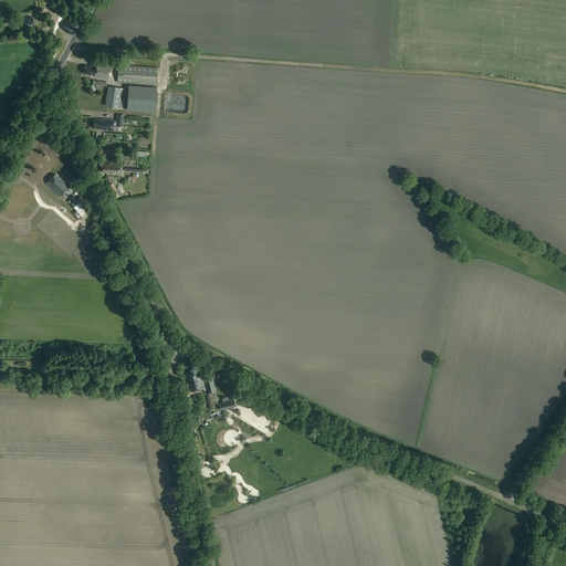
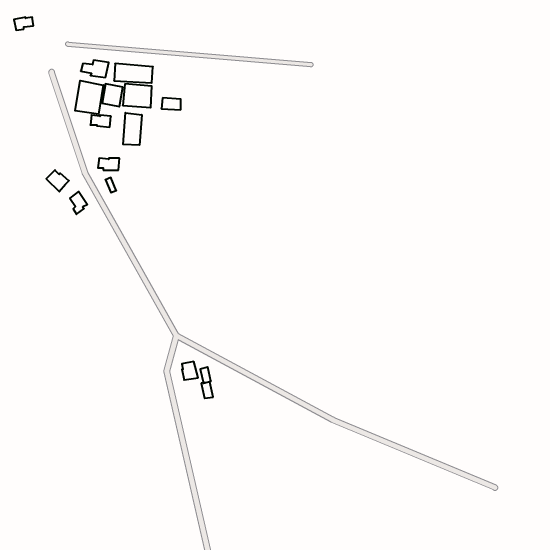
building: none -> [75,81,103,114]
building: none -> [123,113,142,145]

